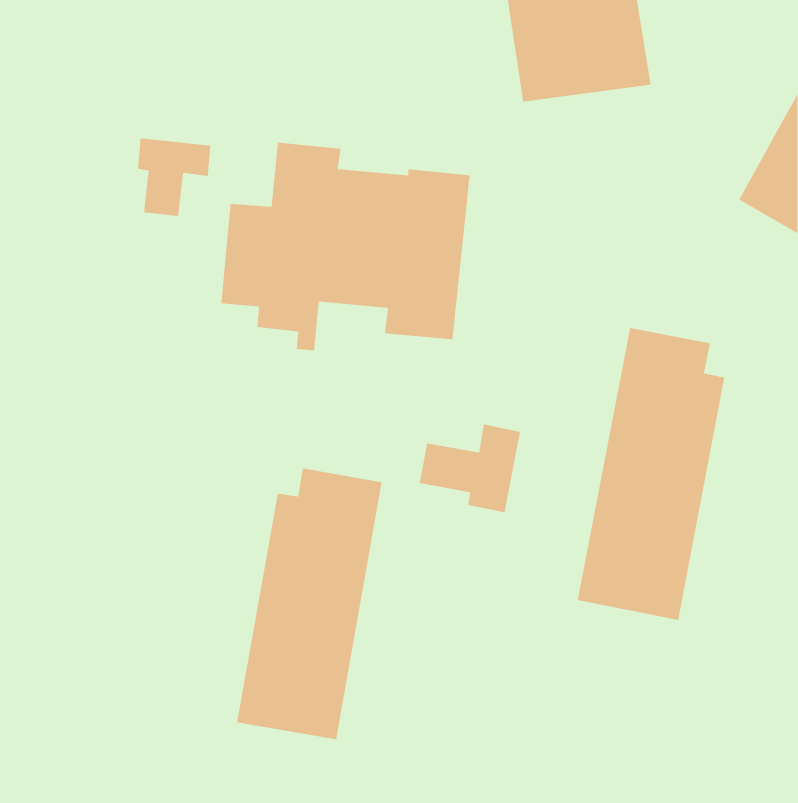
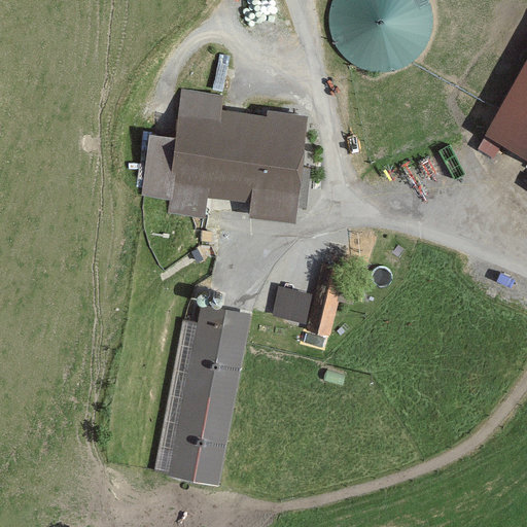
building: [137,138,211,217] -> none
building: [577,327,725,621] -> none

